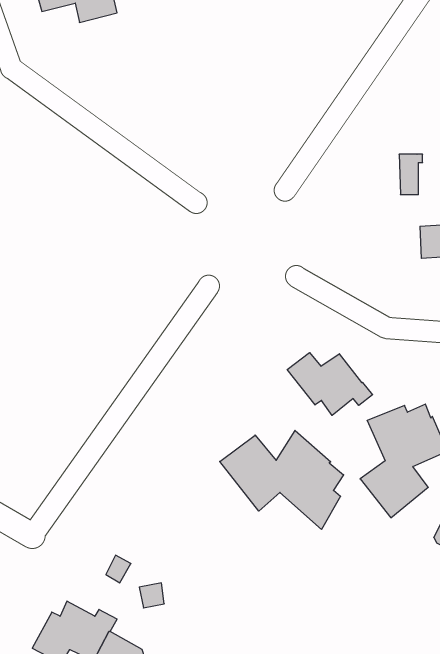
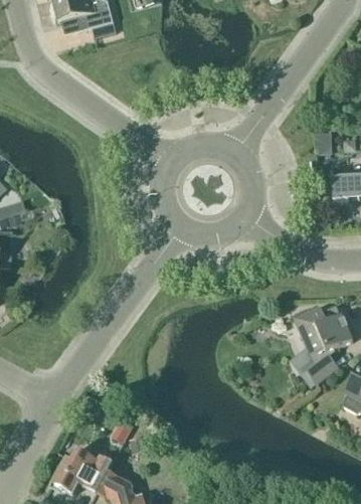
building: [287,353,373,415] -> none
building: [220,430,344,529] -> none

